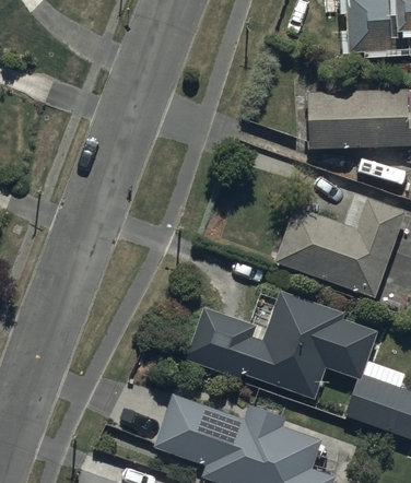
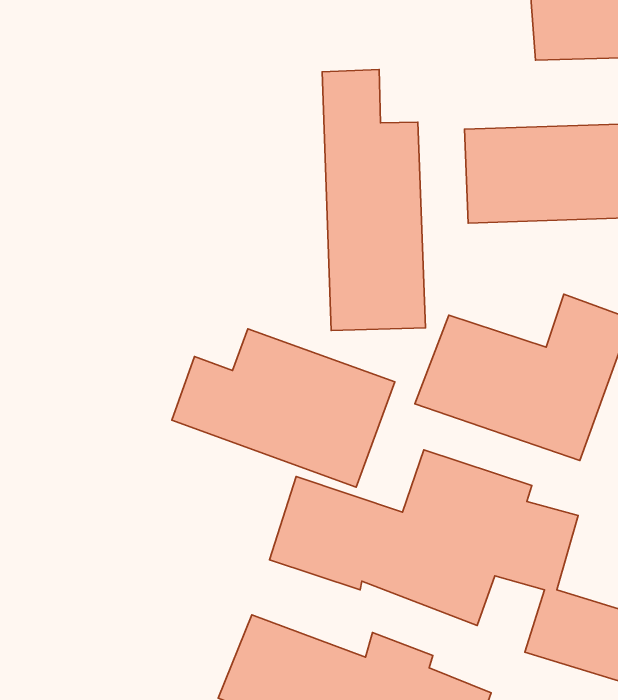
building: none -> [322,70,425,331]
building: none -> [172,329,395,487]

